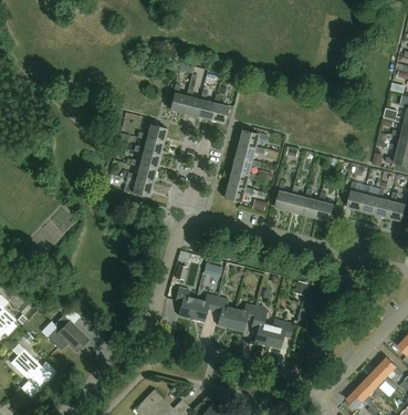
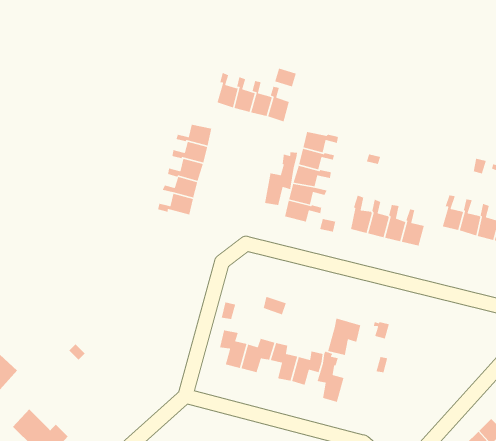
building: none -> [264,151,298,206]
building: [45,314,87,352] -> none
building: [265,318,292,347] -> [327,318,361,356]

